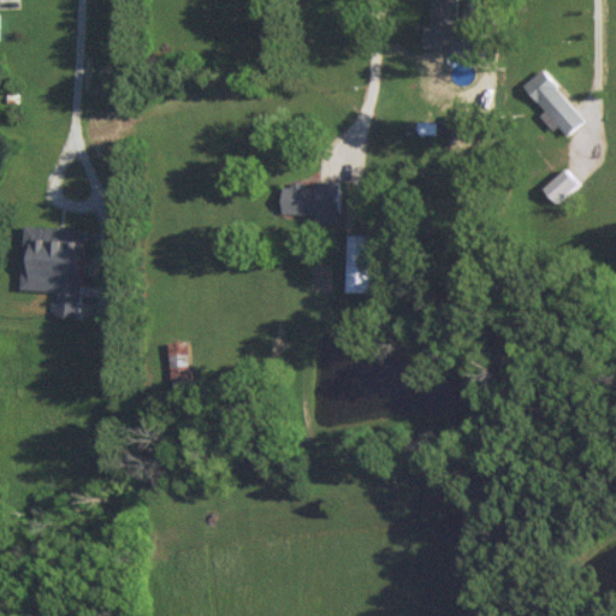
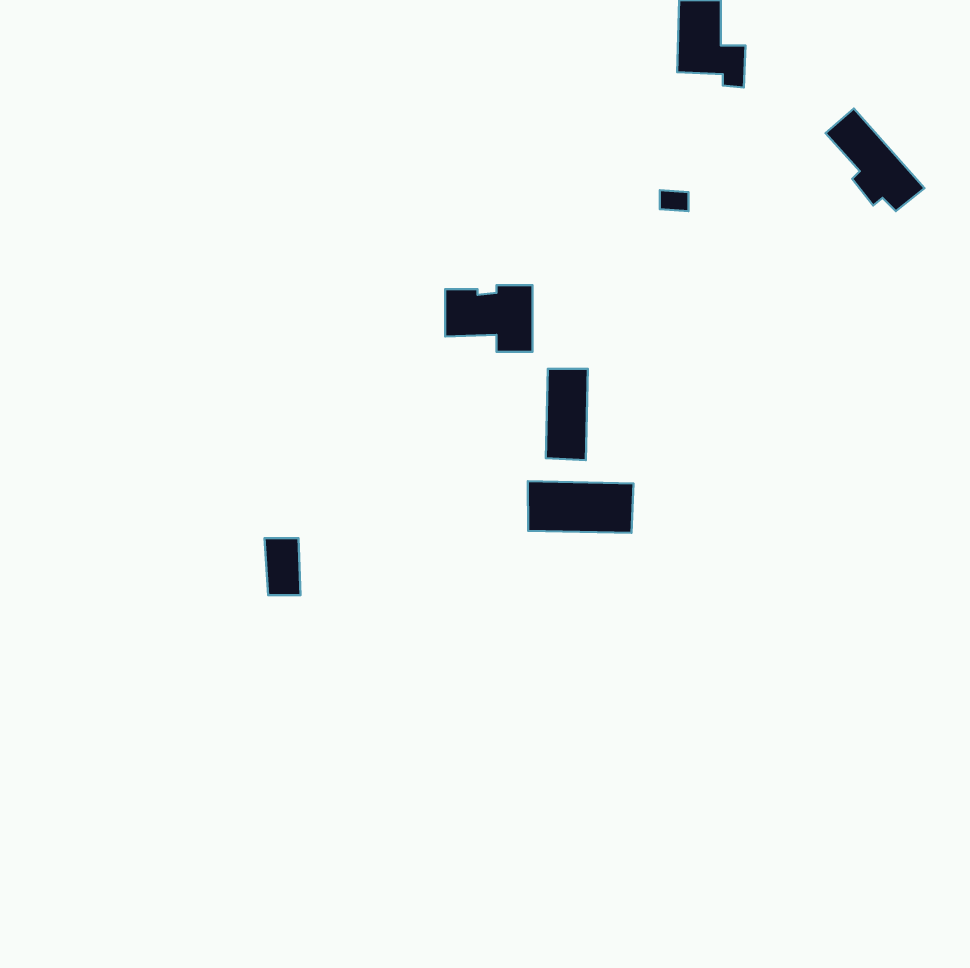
building: [543,168,578,205] -> none
building: [20,227,83,318] -> none
building: none -> [528,481,634,533]

